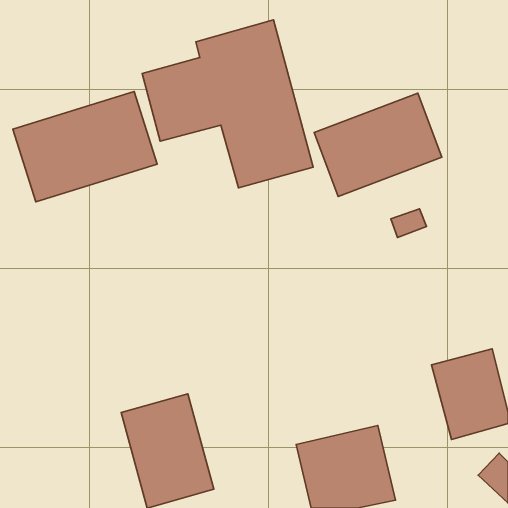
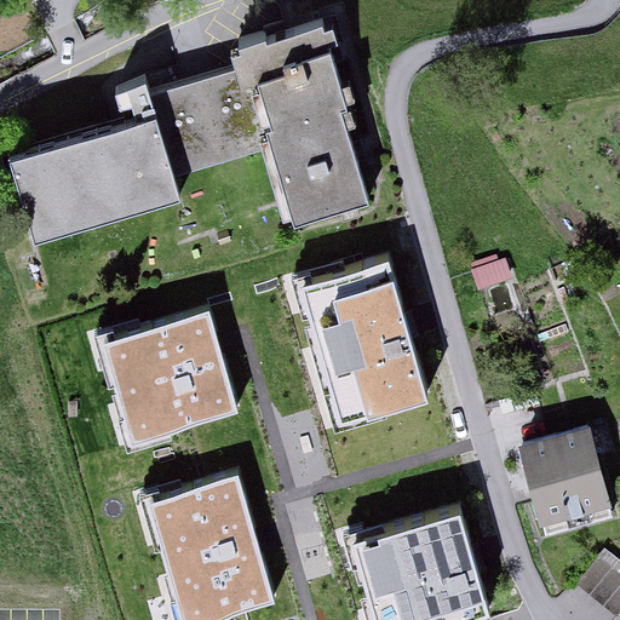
building: [314,93,442,197] -> none
building: none -> [293,263,420,420]
building: none -> [105,314,224,432]

